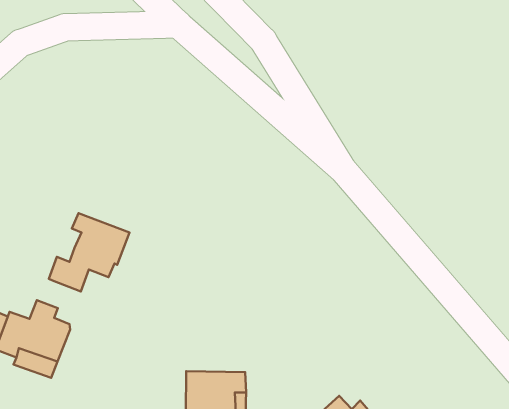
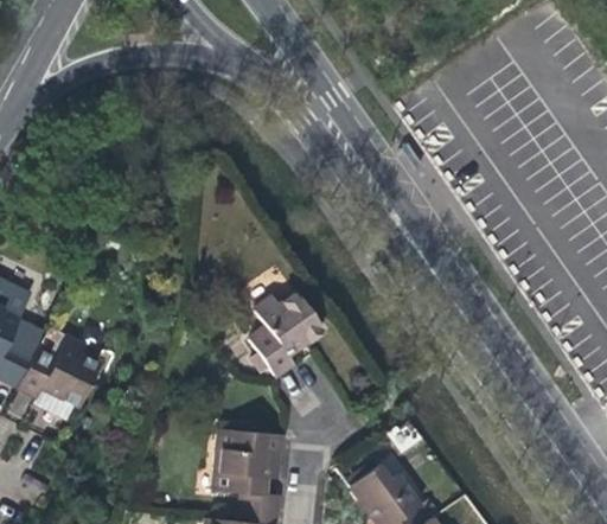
building: [49,213,130,291] -> none
building: none -> [257,292,330,372]

